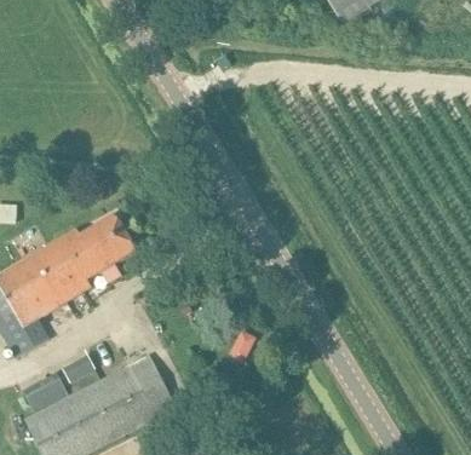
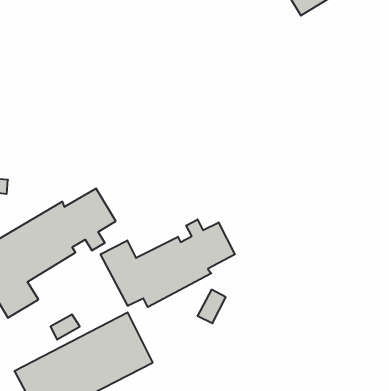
building: none -> [101,219,235,307]
building: [23,373,68,410] -> none

